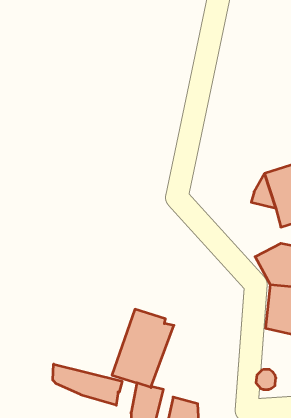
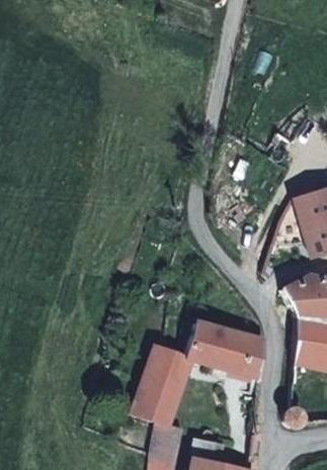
building: none -> [185,321,265,379]
building: [53,364,122,405] -> none

